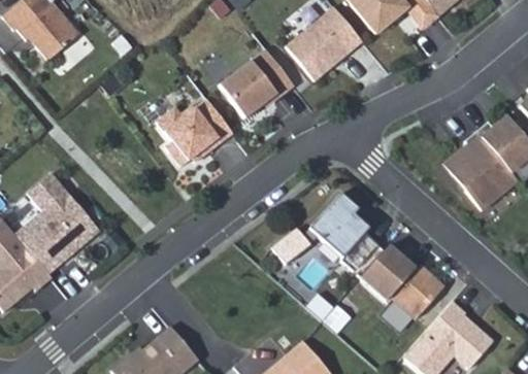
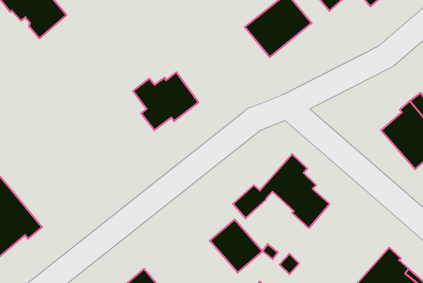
building: [219,48,294,117] -> none
building: [15,173,99,273] -> none
building: [360,245,444,318] -> none
building: none -> [210,219,263,273]

